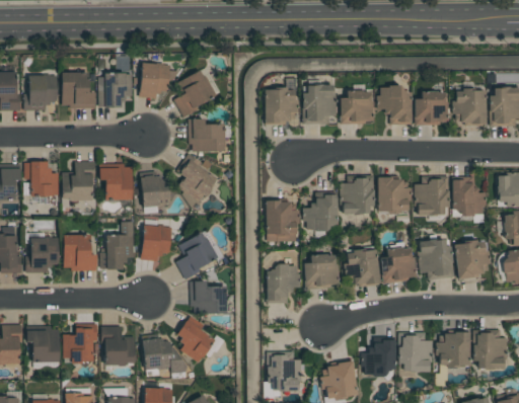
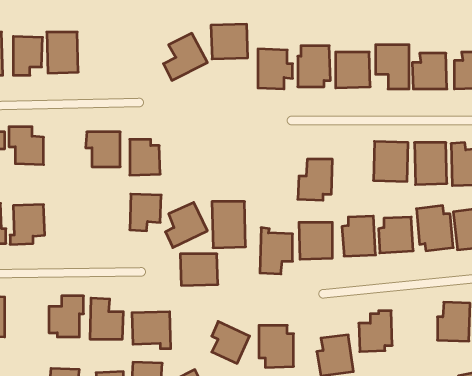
building: [139,61,171,99] -> none
building: [99,70,133,108] -> none
building: [190,118,225,152] -> [211,24,248,59]
building: [62,161,94,202] -> none
building: [178,161,218,204] -> none
building: [342,175,372,215] -> none
building: [266,198,298,243] -> [212,202,246,248]
building: [100,223,135,270] -> none
building: [64,233,94,270] -> none
building: [178,323,215,364] -> [212,321,250,363]
building: [26,330,60,364] -> none
building: [399,333,432,373] -> none

